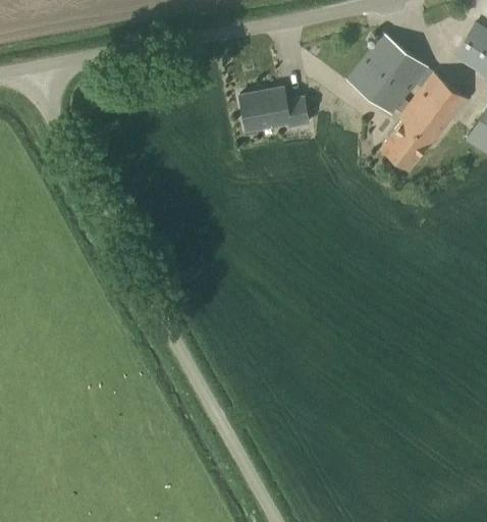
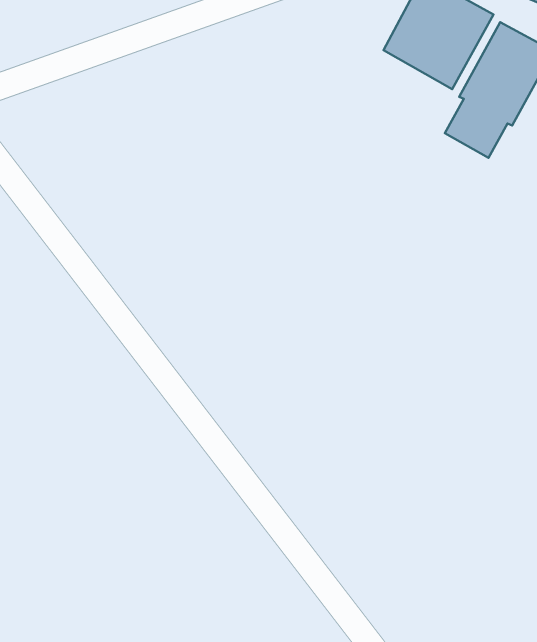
building: [239,87,309,132] -> none

